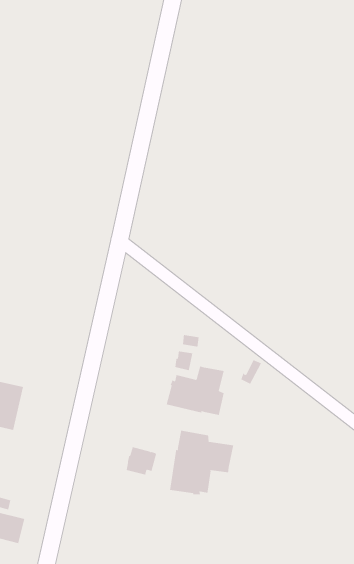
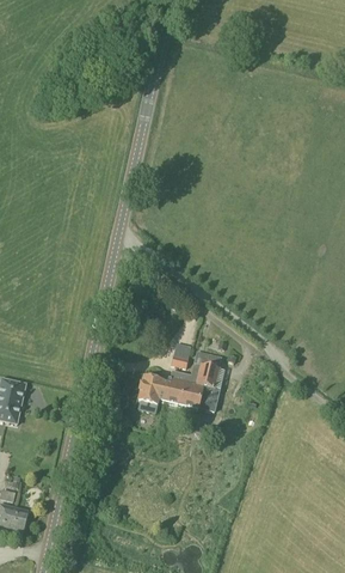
building: [169,430,234,495] -> none
building: [126,447,157,475] -> [138,376,168,403]

